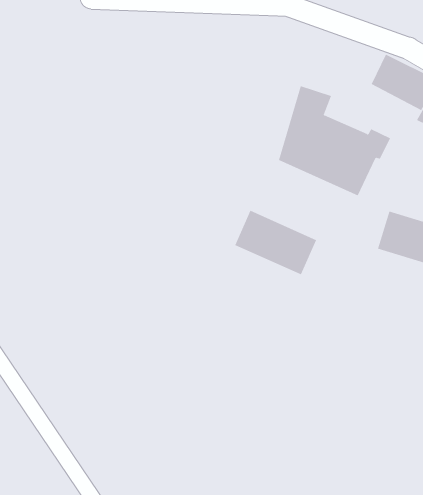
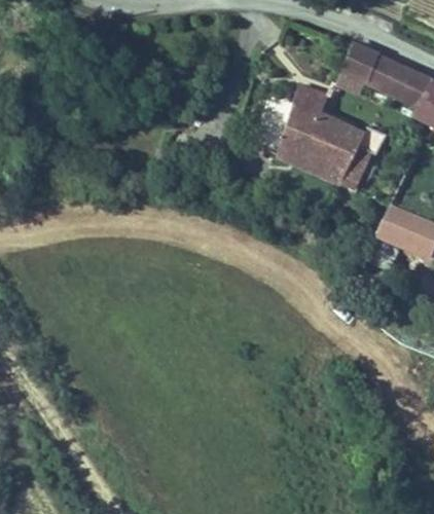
building: none -> [337,40,383,95]
building: [234,210,317,275] -> none

